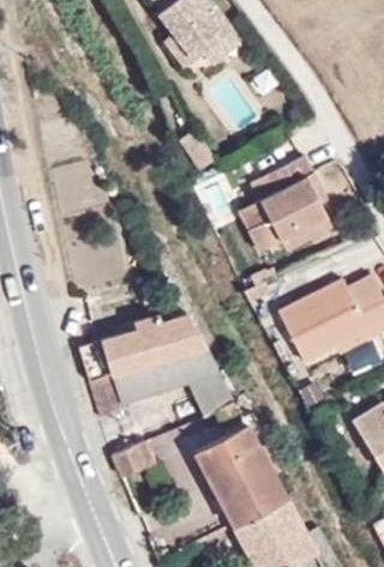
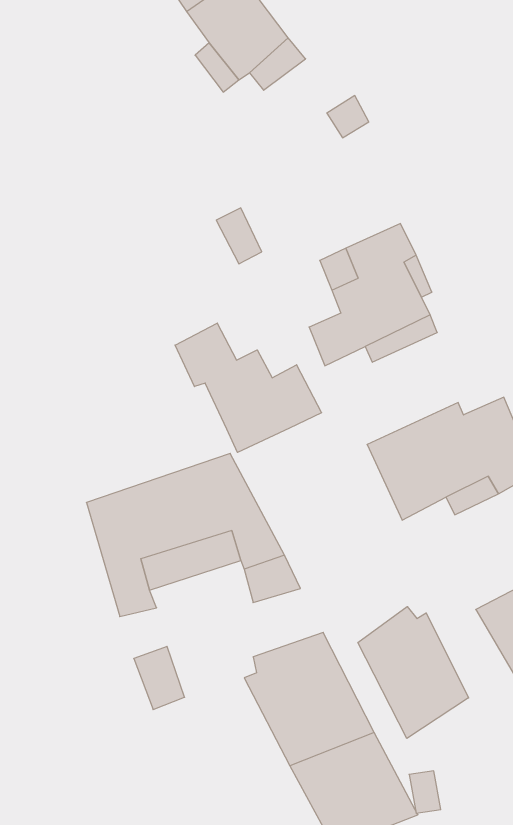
building: none -> [175,323,322,452]
building: none -> [358,607,469,738]

